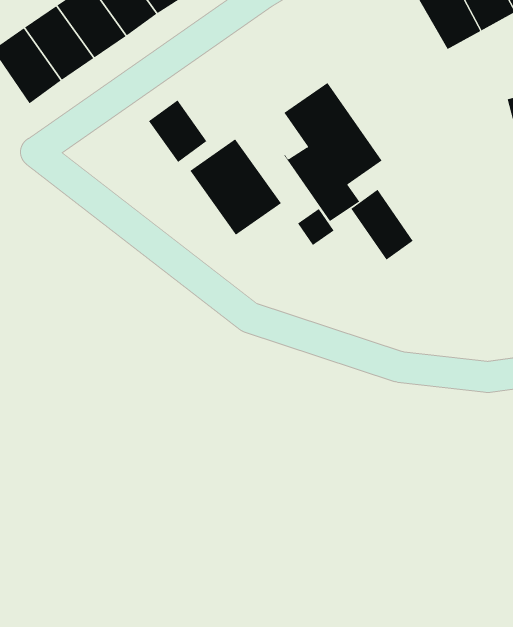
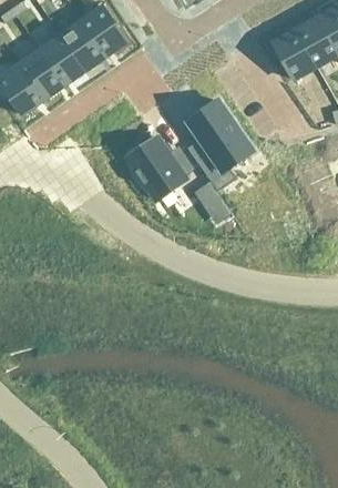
building: [148,99,207,163] -> none
building: [351,189,414,260] -> none

